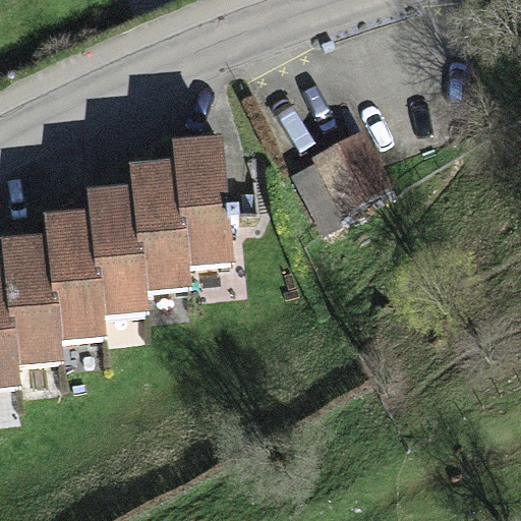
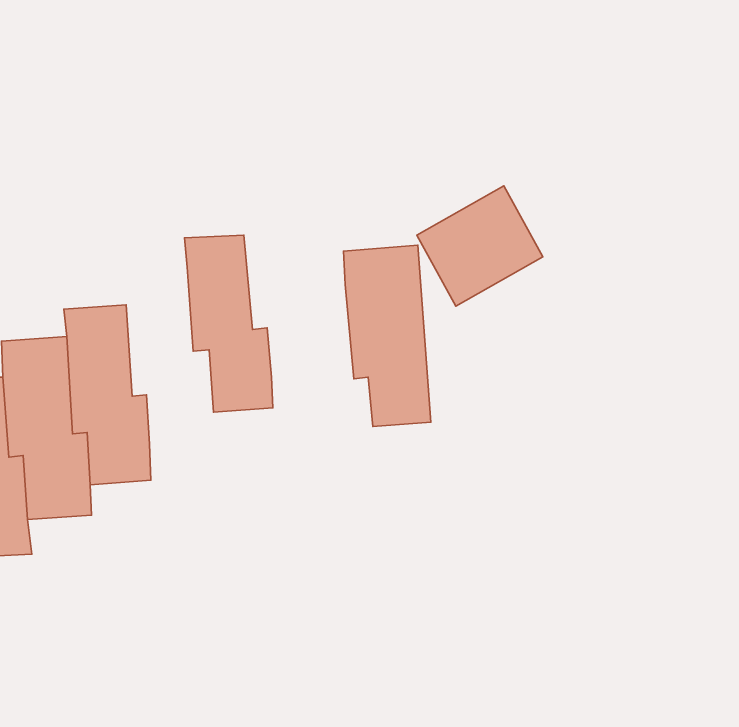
building: [170,137,231,265] -> [344,245,431,427]
building: [86,187,151,311] -> none

